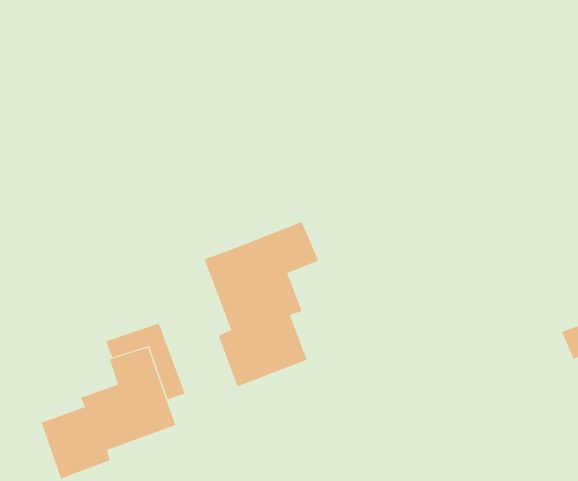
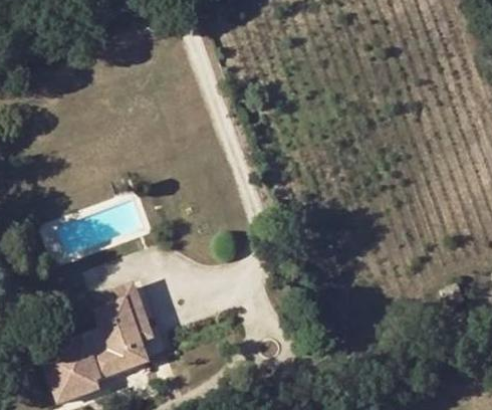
building: [204,221,318,387] -> none

